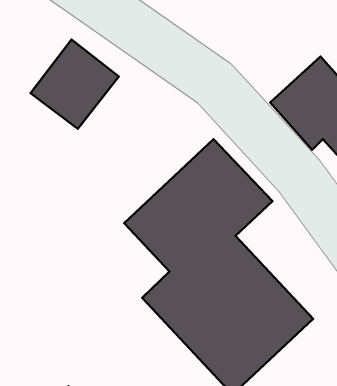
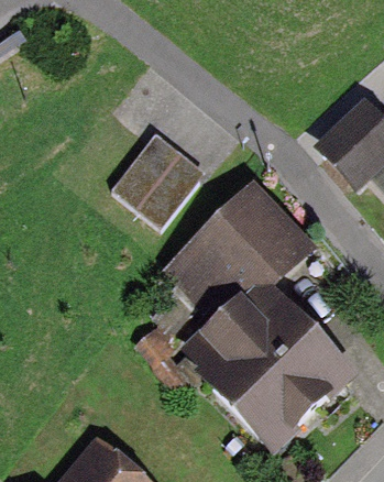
building: [31,40,119,129] -> [110,135,202,229]

